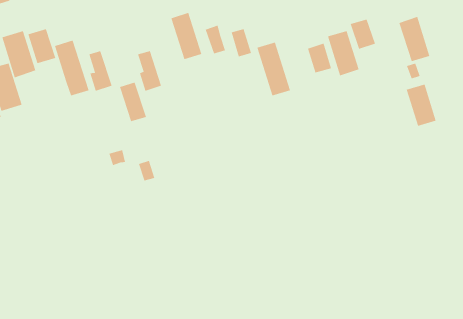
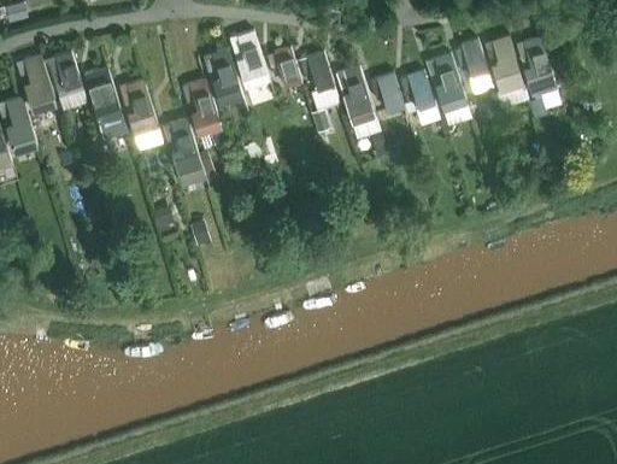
building: none -> [211,51,242,104]
building: none -> [370,74,404,110]
building: [406,84,437,127] -> [487,37,525,92]

